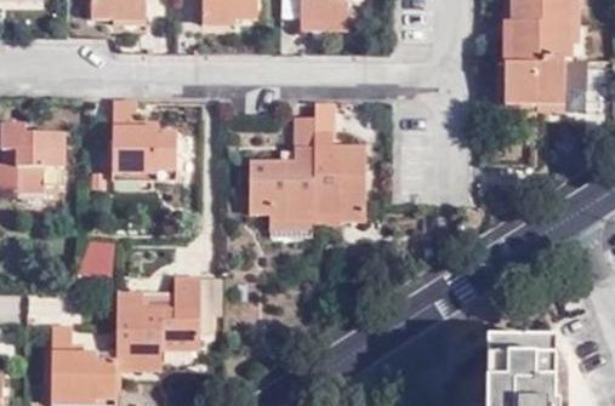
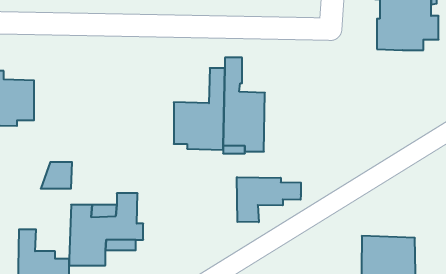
building: [112,99,176,175] -> none
building: none -> [237,177,301,222]

